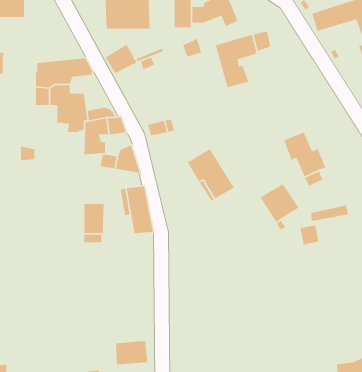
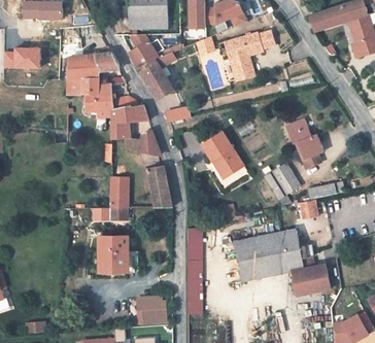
building: none -> [138,60,173,99]
building: none -> [187,229,202,314]
building: none -> [235,229,330,295]
building: none -> [99,237,133,272]

